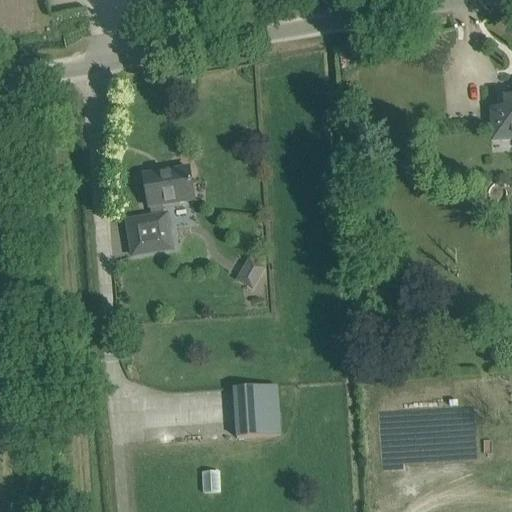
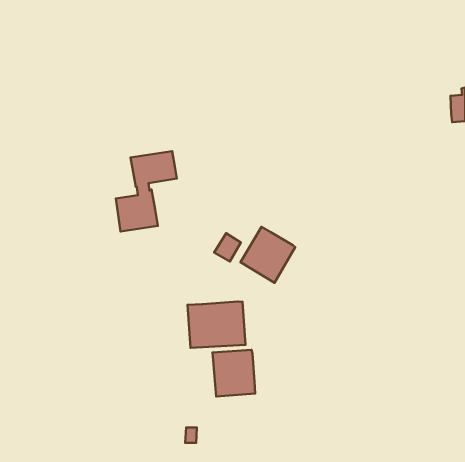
building: none -> [241,227,295,283]
building: none -> [188,301,246,348]

